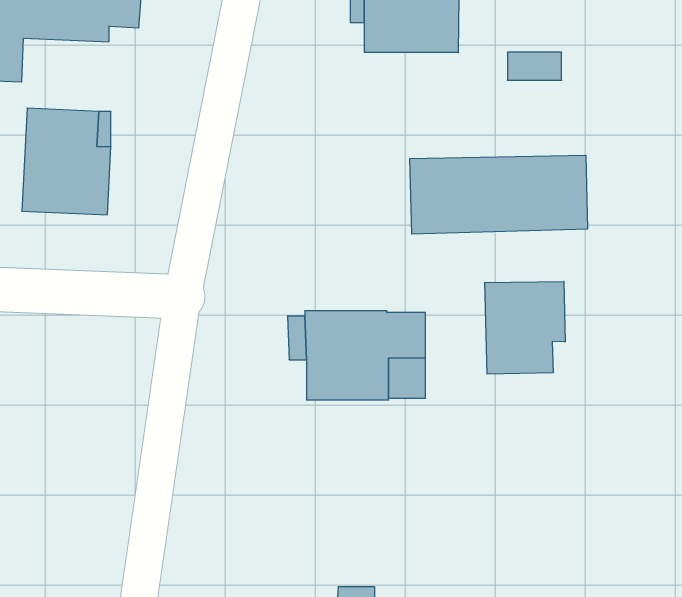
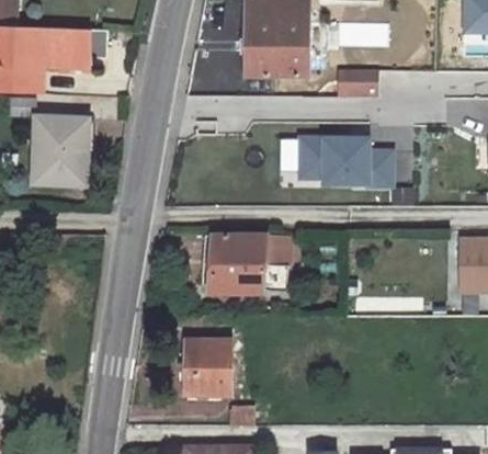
building: [485,281,565,374] -> none
building: none -> [185,342,231,396]

